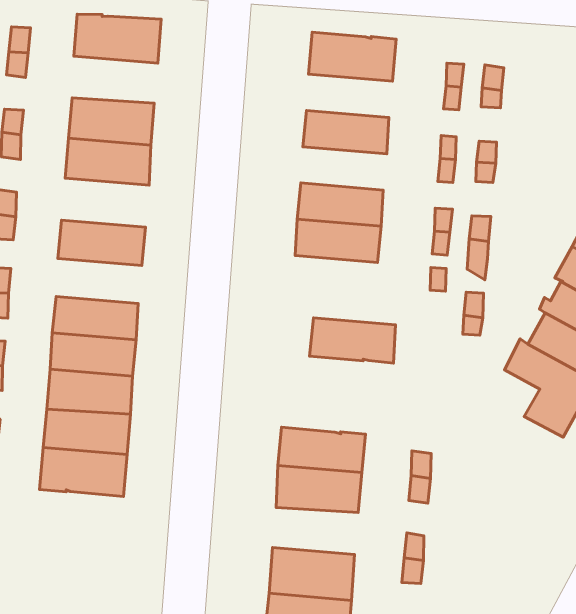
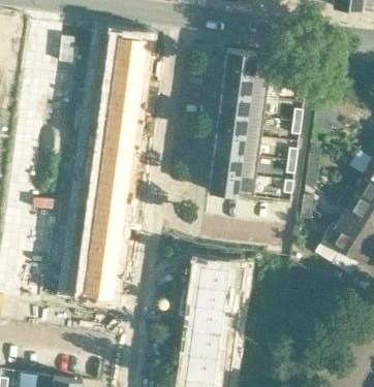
building: none -> [94,56,142,84]
building: none -> [221,72,279,99]
building: none -> [216,111,263,137]
building: none -> [85,122,133,151]
building: none -> [80,165,127,192]
building: [310,318,395,363] -> [208,170,255,197]
building: none -> [190,307,238,334]

